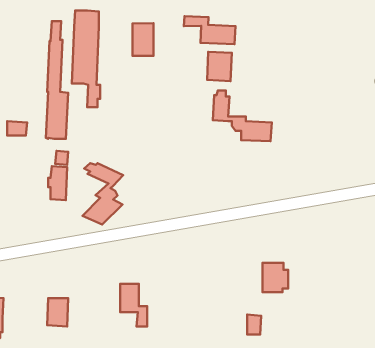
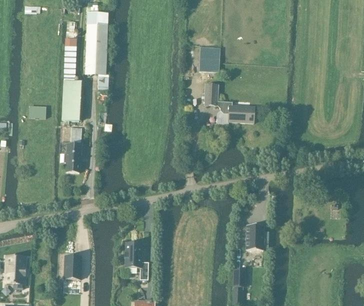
building: [184,16,235,44] -> none
building: [132,23,154,56] -> none
building: [83,163,123,225] -> none

